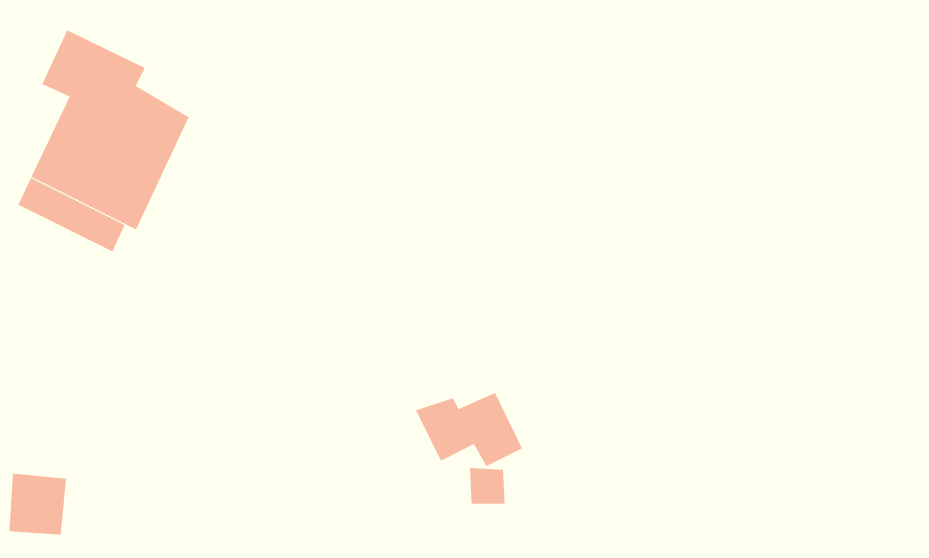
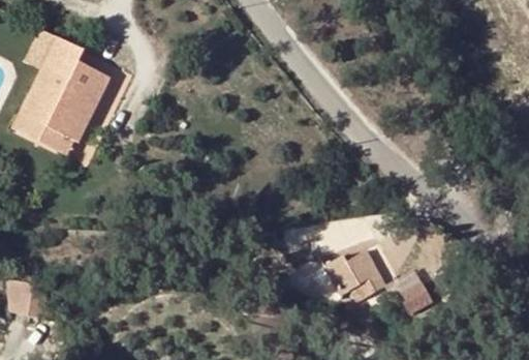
building: [415,392,523,467] -> [325,258,386,300]
building: none -> [391,270,431,313]

